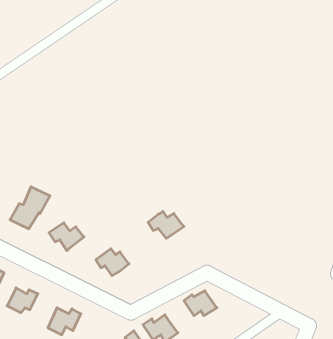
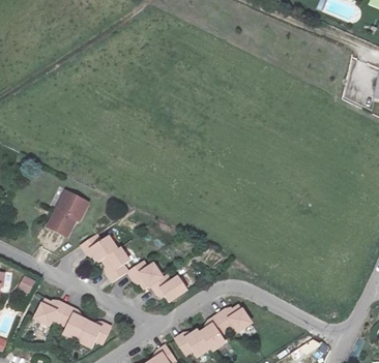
building: [148,211,184,238] -> [149,271,186,299]
building: none -> [98,245,125,280]
building: none -> [57,305,85,340]
building: none -> [199,312,227,347]

